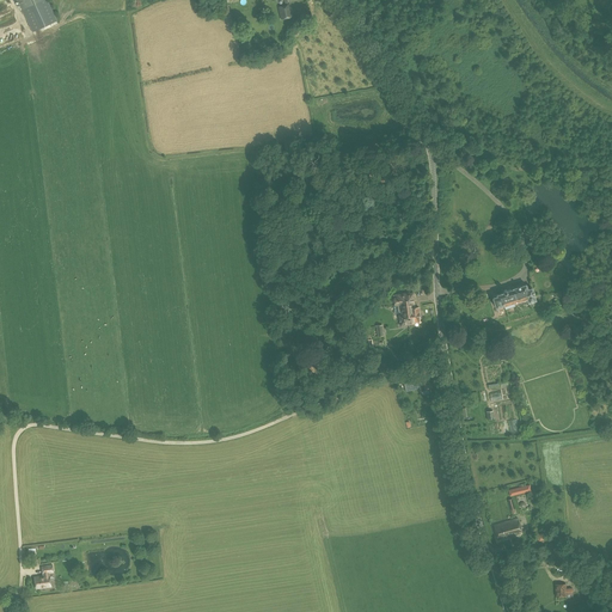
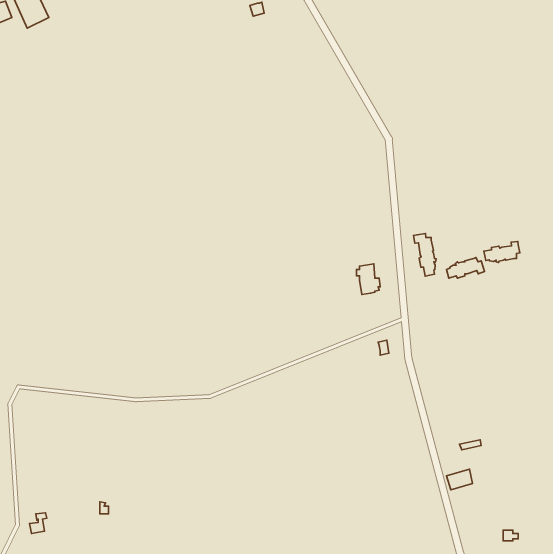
building: none -> [414,233,436,276]
building: none -> [484,241,520,263]

